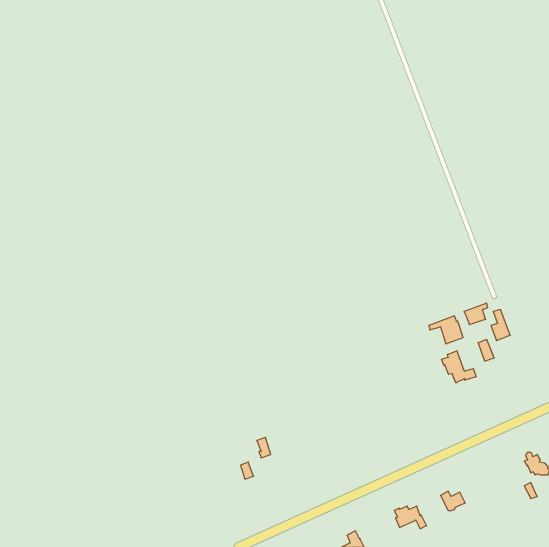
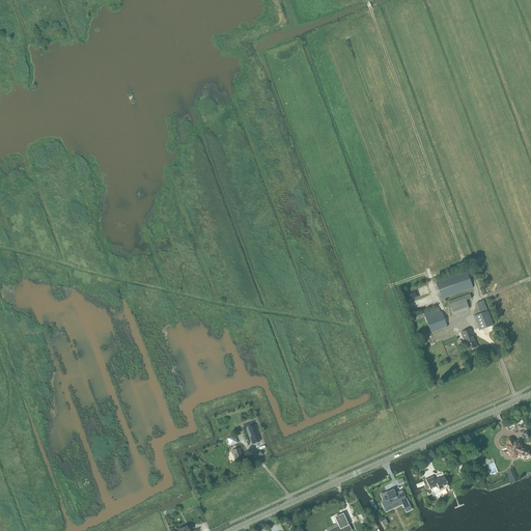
building: none -> [436,269,473,298]
building: [442,351,476,383] -> none

